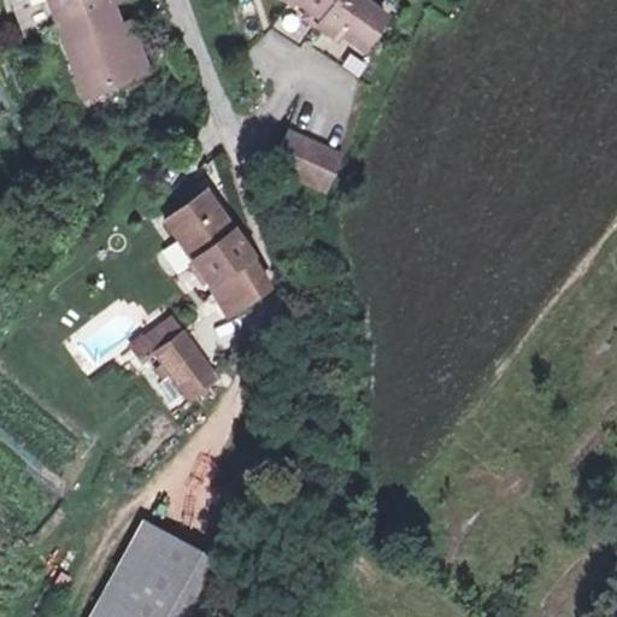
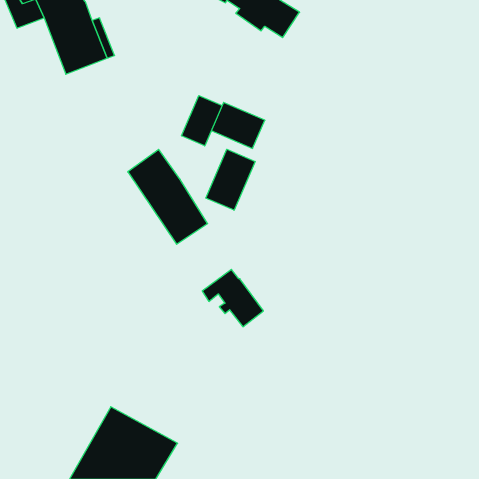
building: none -> [182,96,222,146]
building: none -> [206,149,255,210]
building: [134,318,212,392] -> [202,269,263,327]

